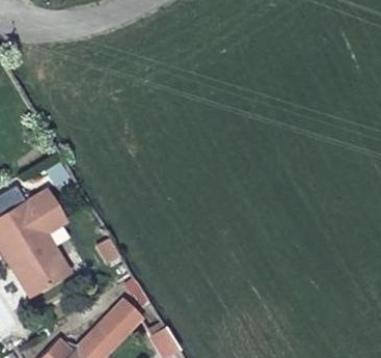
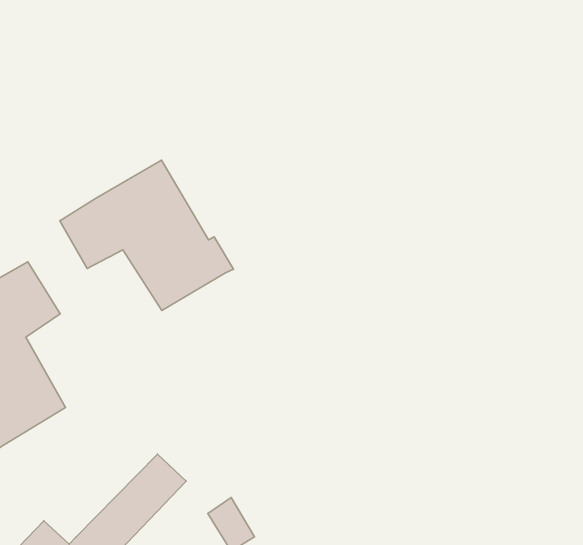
building: none -> [60,160,233,310]

